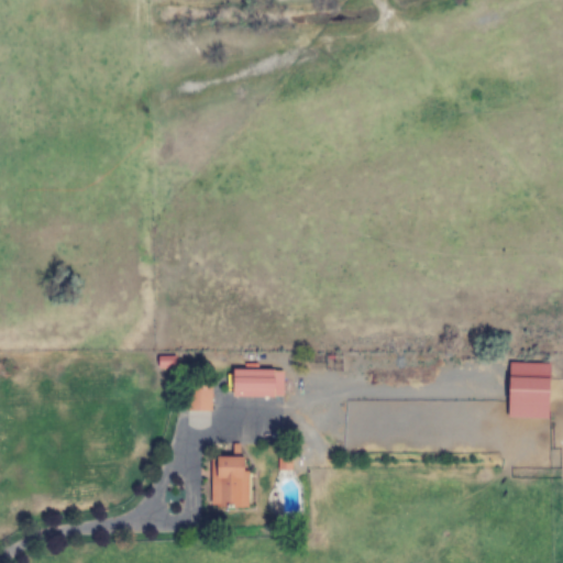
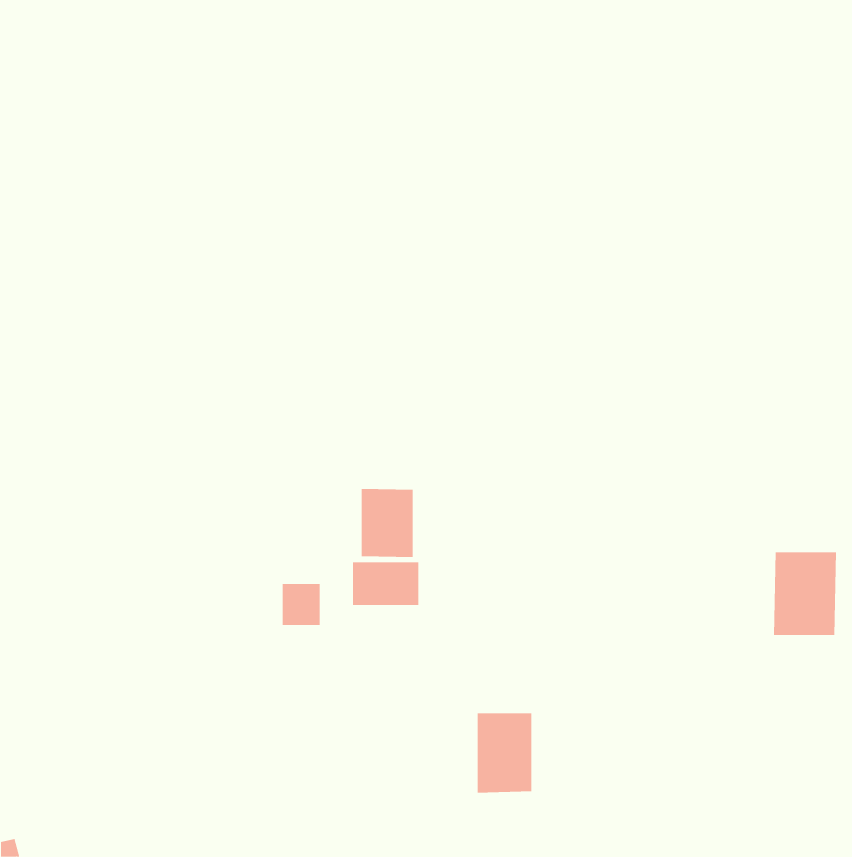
building: none -> [361,488,413,558]
building: [212,455,249,508] -> [477,713,532,793]

